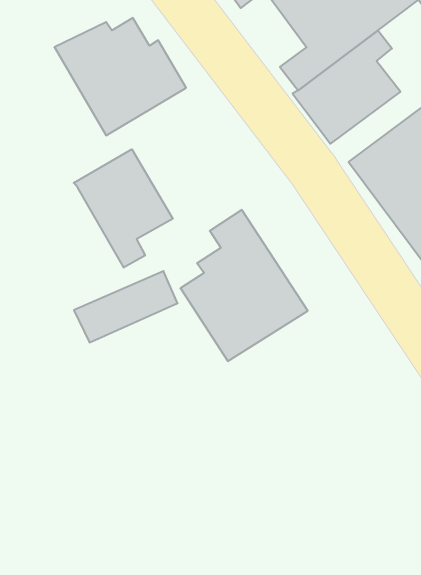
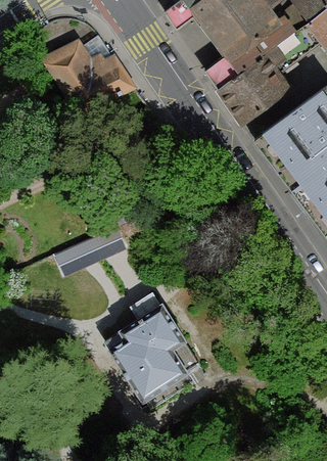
building: [74,149,173,268] -> none
building: [180,210,308,361] -> [107,290,200,401]

